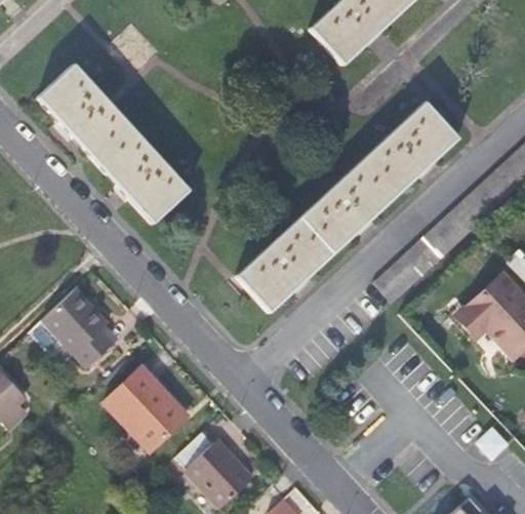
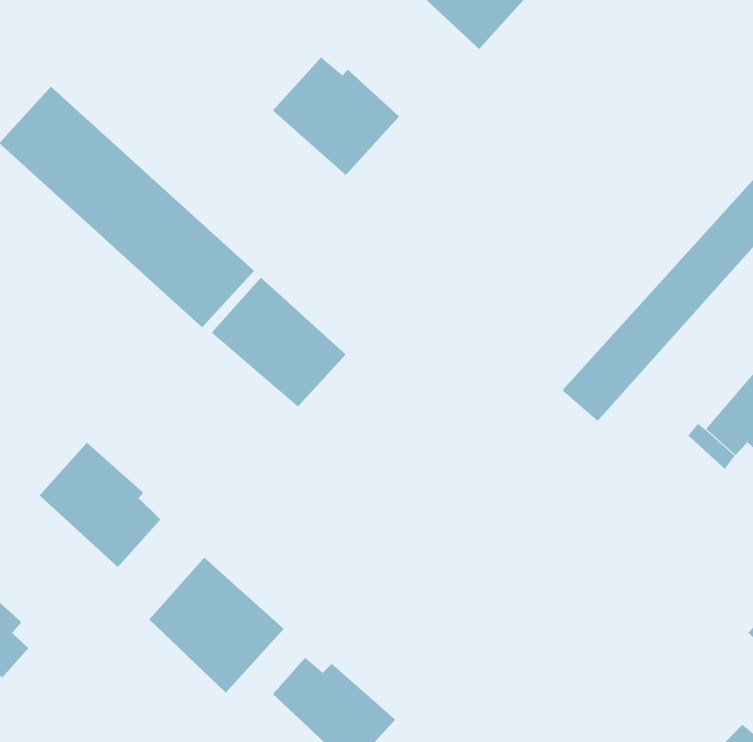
building: none -> [272,57,400,176]
building: [236,103,457,312] -> none
building: none -> [211,277,346,408]

